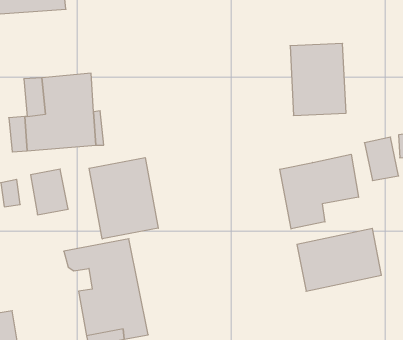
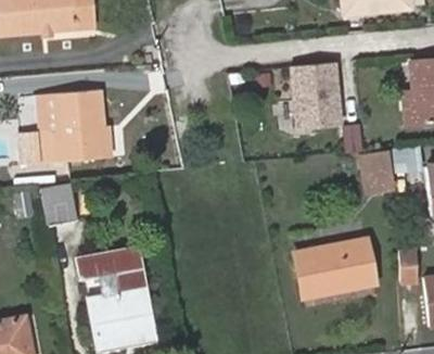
building: [280,154,359,229] -> none
building: [89,158,158,239] -> none

